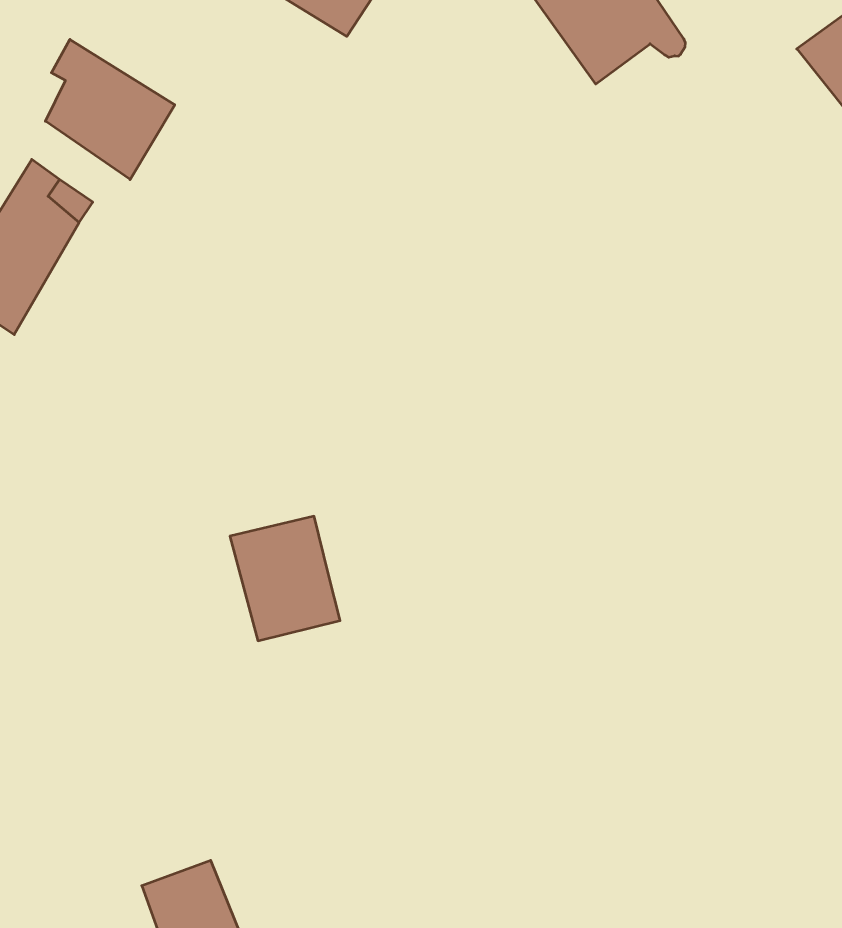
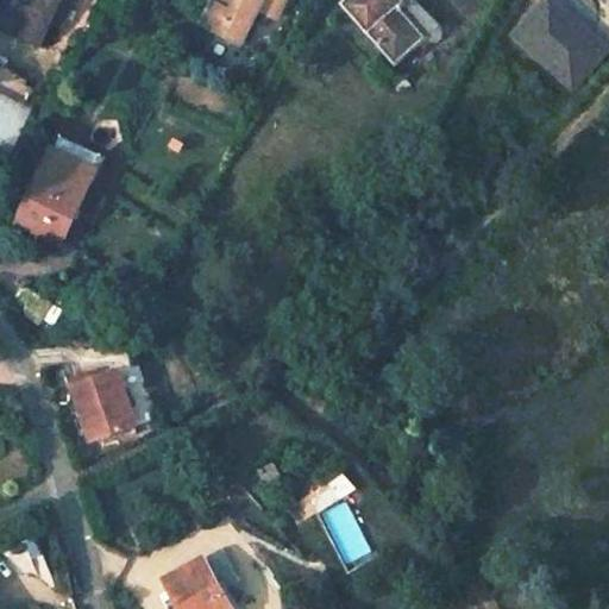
building: [45,39,175,180] -> none
building: [230,516,340,641] -> [65,350,137,428]

